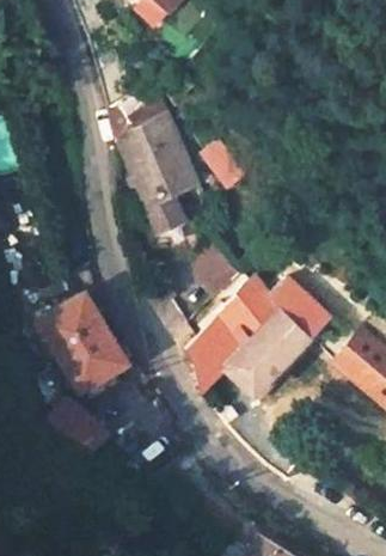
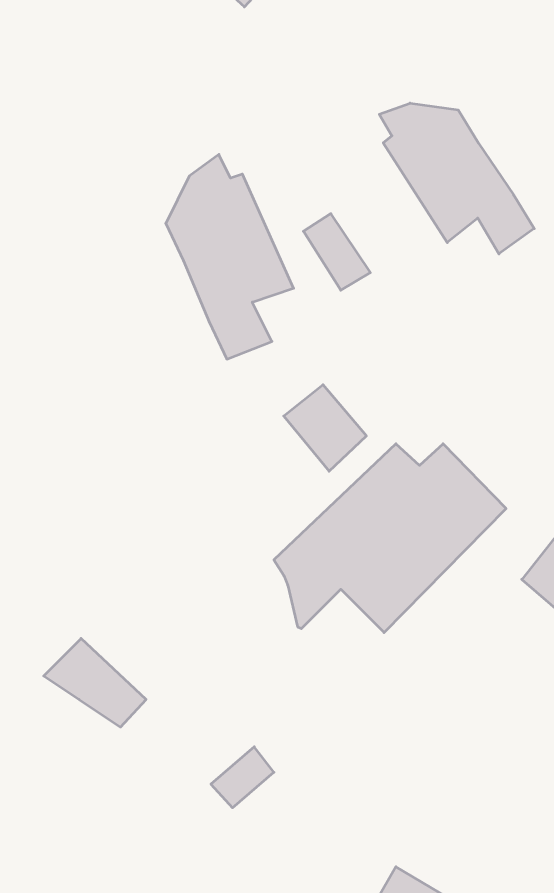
building: none -> [379,103,534,254]
building: [38,289,128,390] -> none

